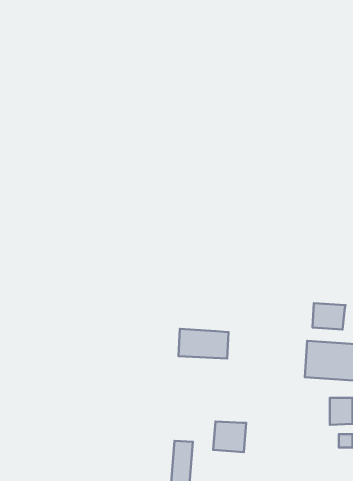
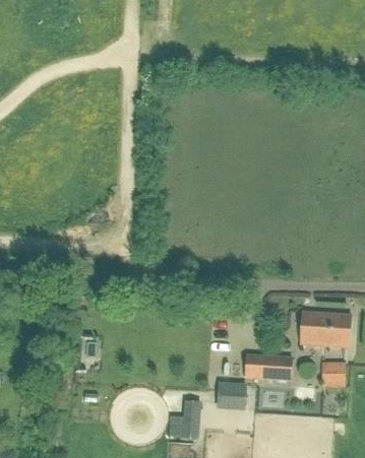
building: [312,303,345,329] -> none
building: [179,329,228,358] -> [245,352,290,379]

